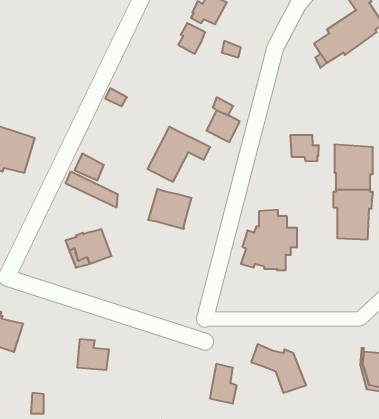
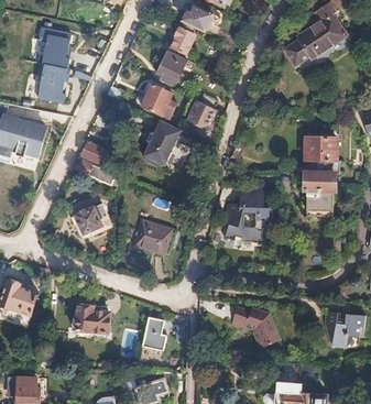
building: none -> [35,25,70,103]
building: none -> [156,51,186,81]
building: none -> [138,81,174,116]
building: [291,135,319,161] -> none
building: [148,189,192,229] -> [134,219,172,253]
building: [210,364,237,404] -> [142,316,165,350]

